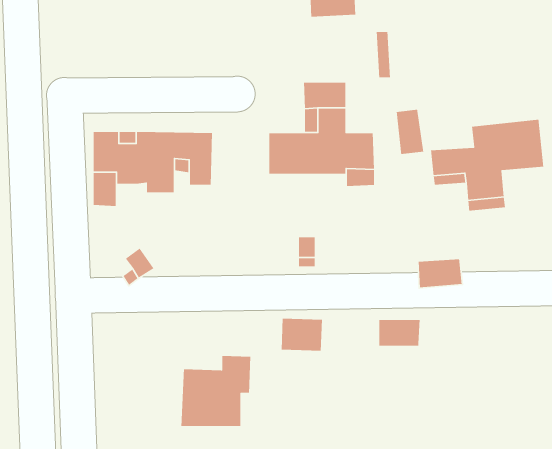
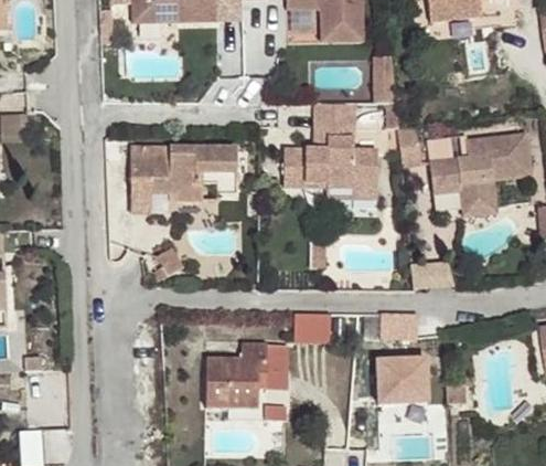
building: none -> [259,347,289,395]
building: none -> [375,358,426,404]

